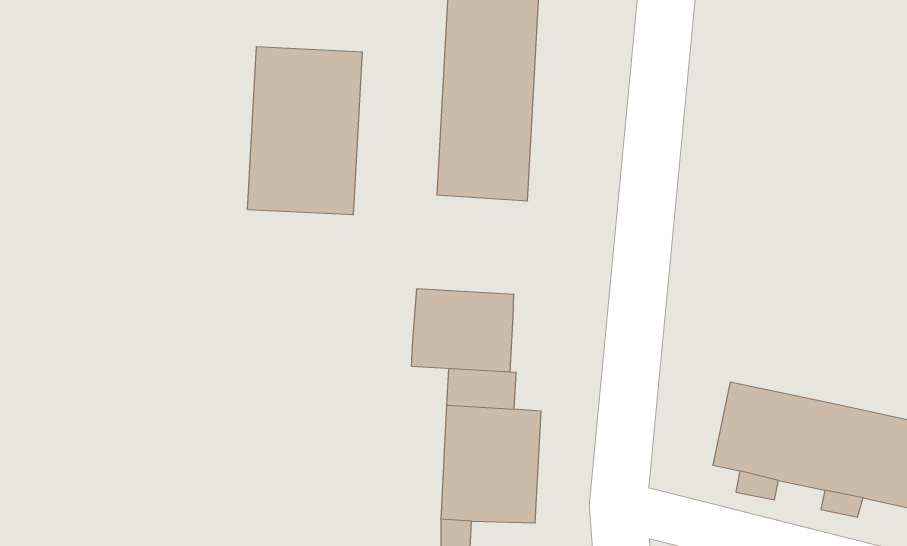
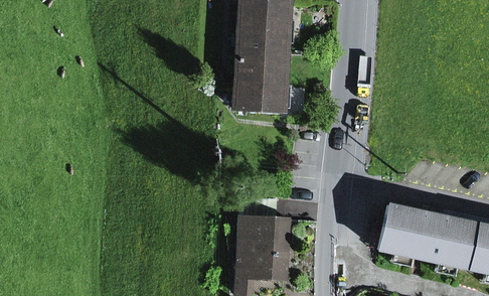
building: [248,47,362,215] -> none
building: [412,289,514,372] -> none

